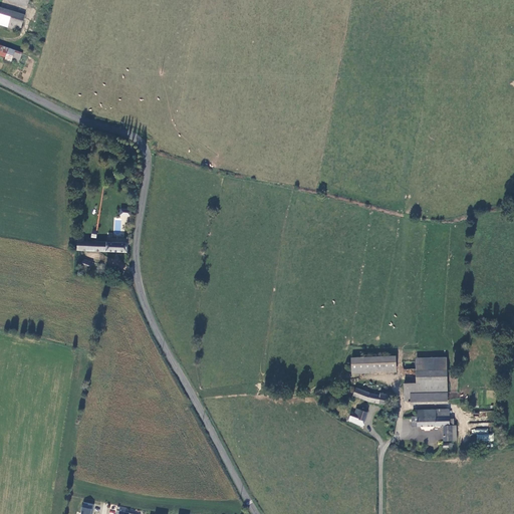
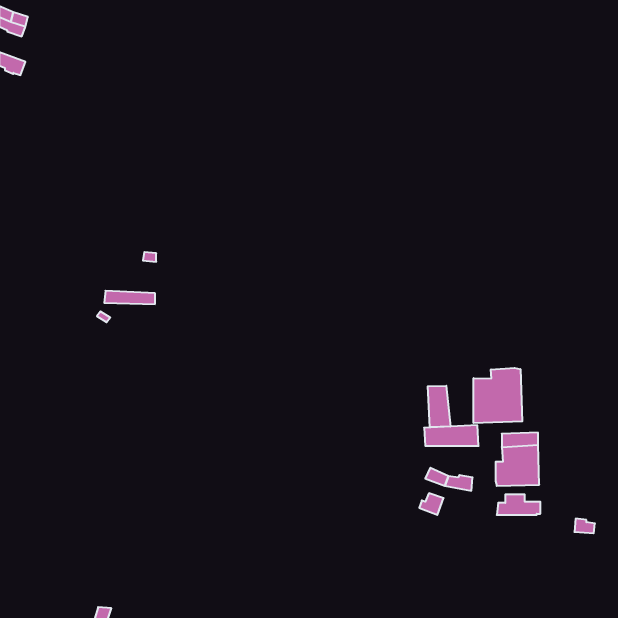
building: none -> [474,368,522,423]
building: none -> [428,386,450,427]

